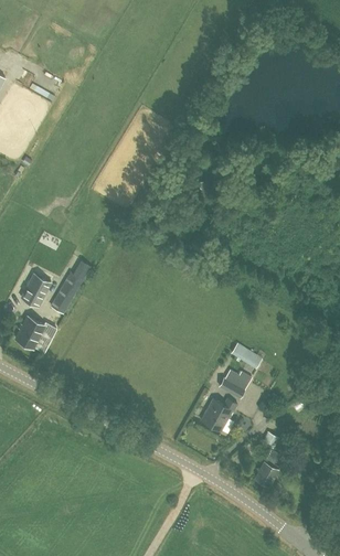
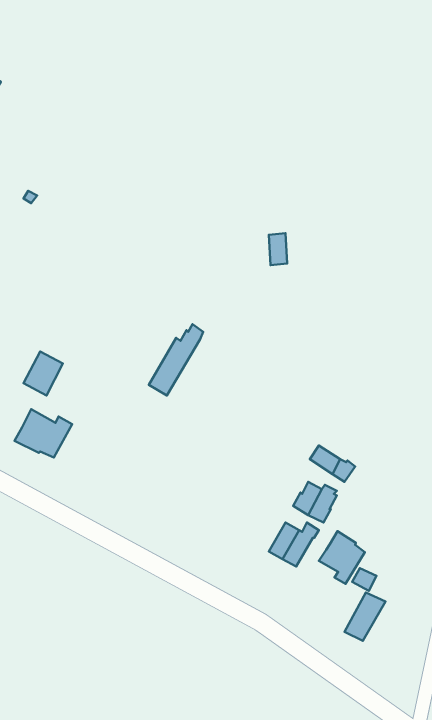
building: [50,263,89,314] -> [149,324,203,395]
building: none -> [319,531,365,584]

